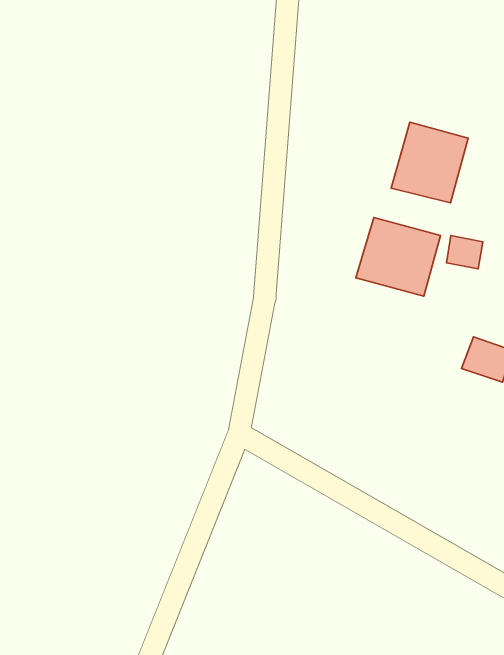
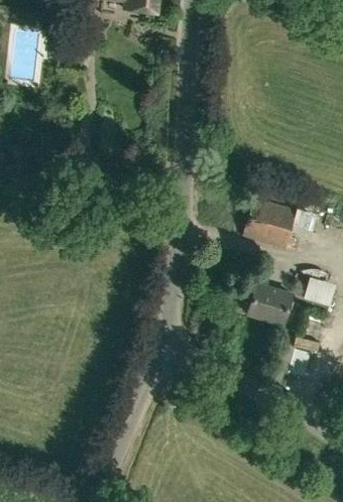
building: [391,122,468,203] -> none
building: none -> [248,283,293,324]

